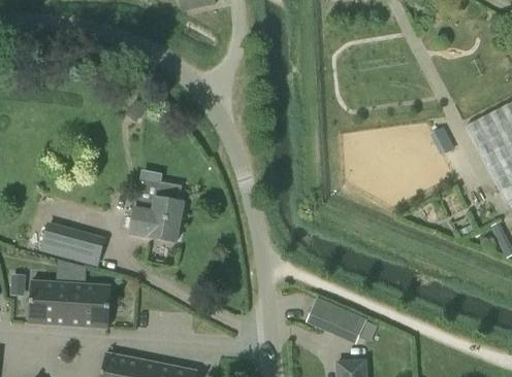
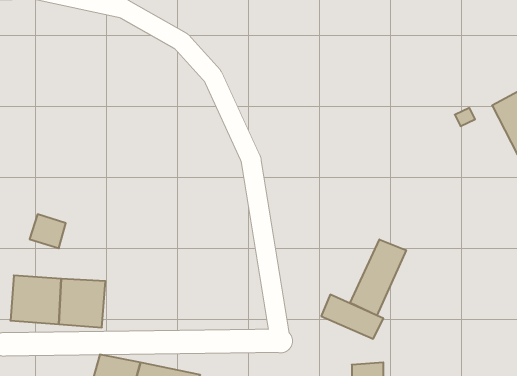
building: [130,181,185,250] -> none
building: [69,233,104,263] -> none
building: none -> [350,239,406,315]

